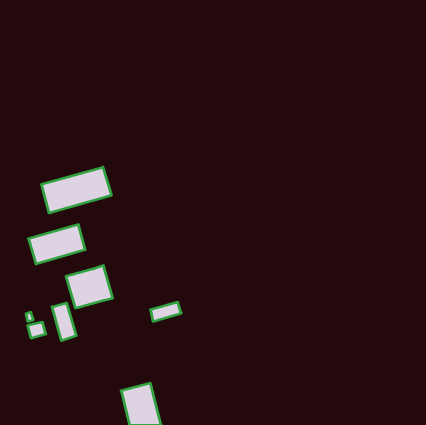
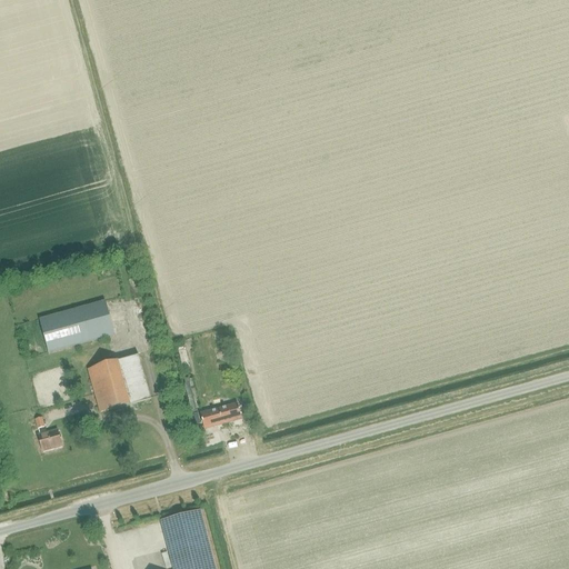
building: [42,167,111,213] -> none
building: [52,303,76,341] -> none

